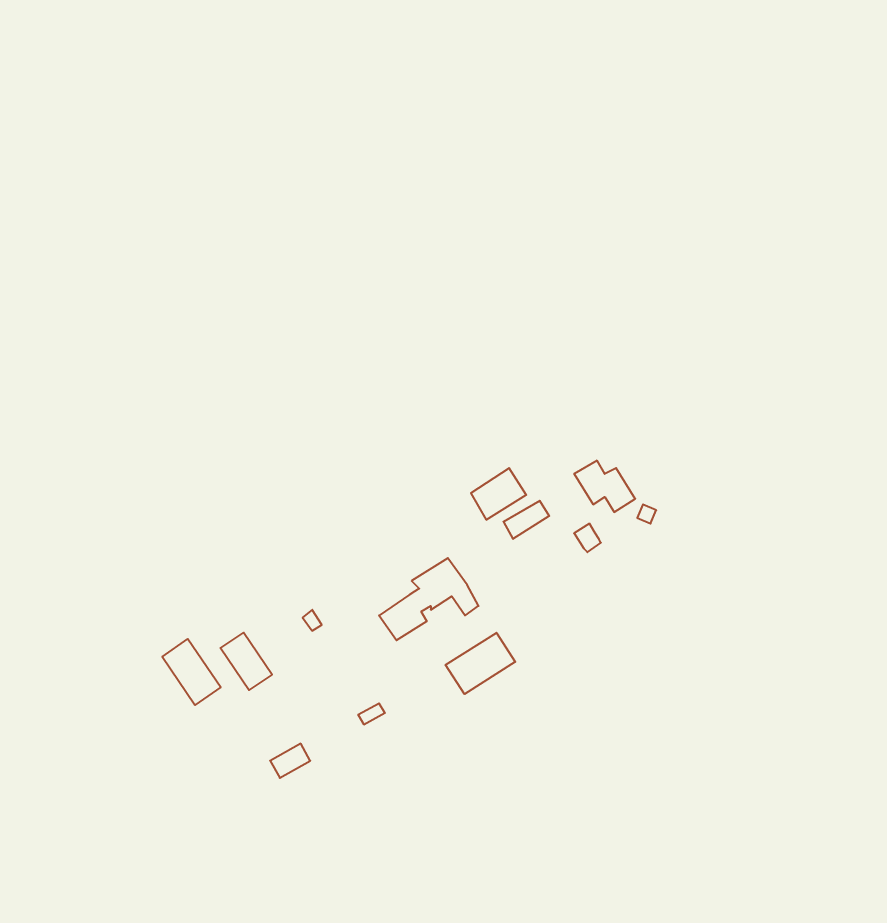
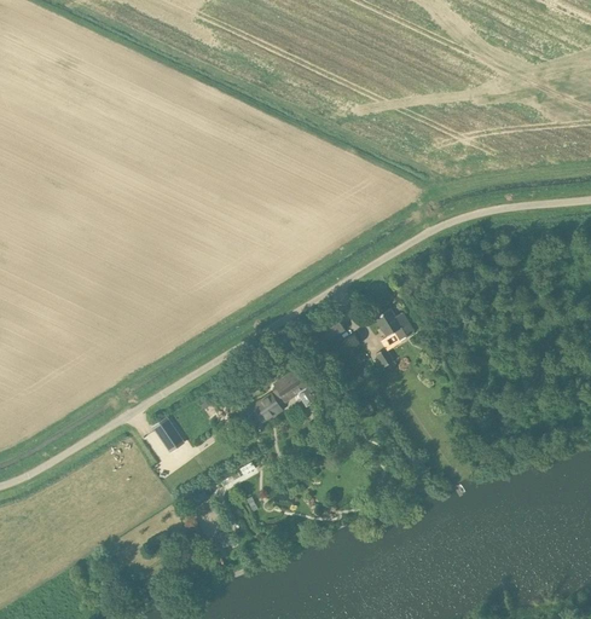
building: [446,633,515,694] -> none
building: [162,639,221,705] -> none

